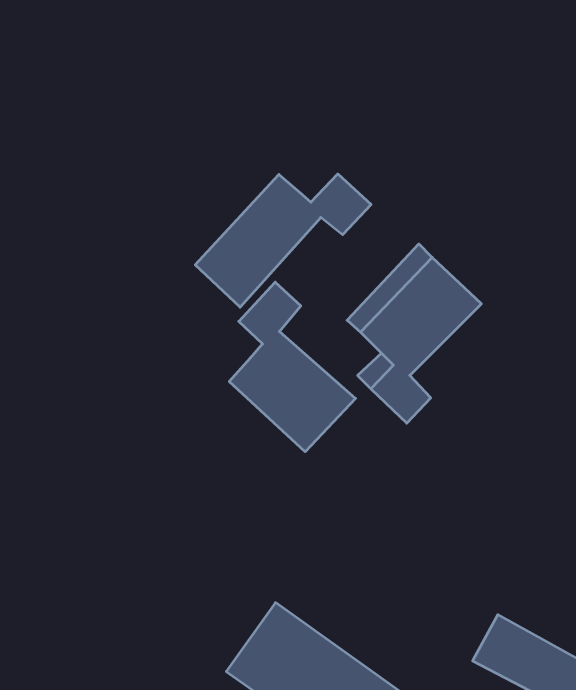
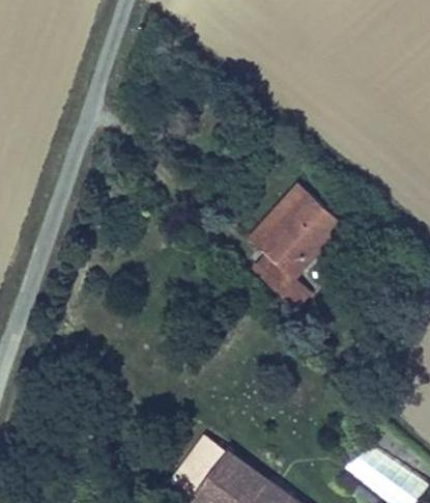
building: [195,174,371,307] -> none
building: [229,282,356,452] -> none

